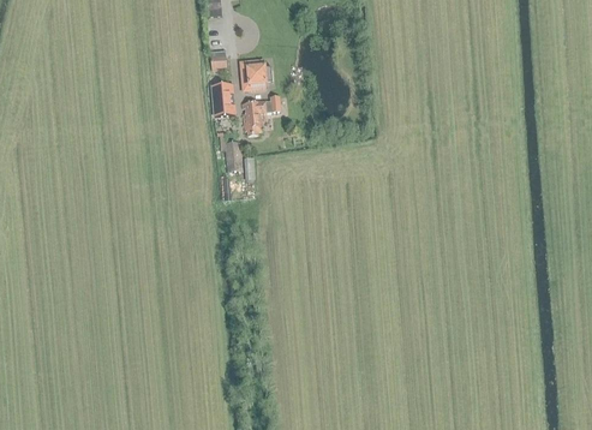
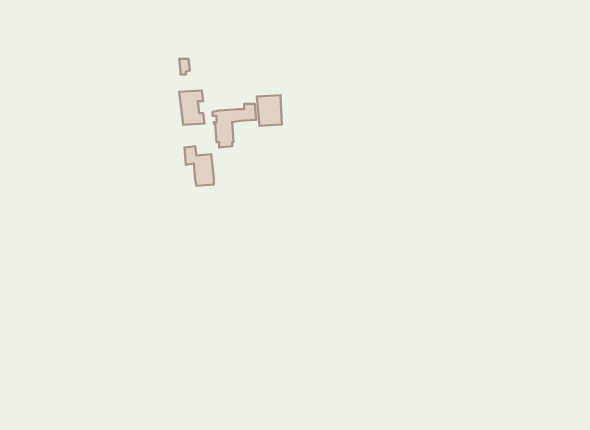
building: [240,60,263,88] -> [257,95,282,126]

